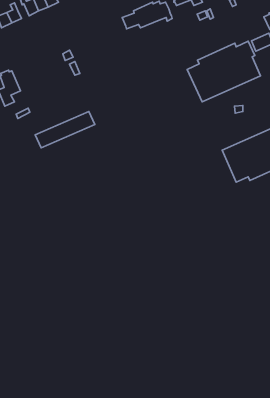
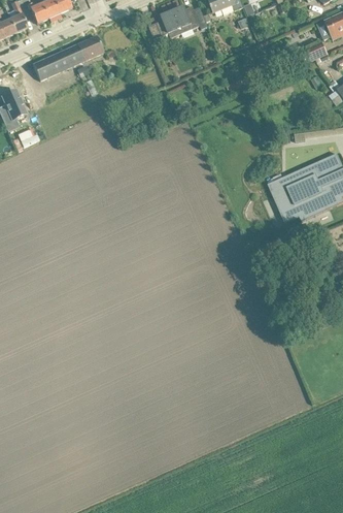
building: [187,41,260,102] -> none
building: [35,112,95,148] -> [32,35,103,78]

